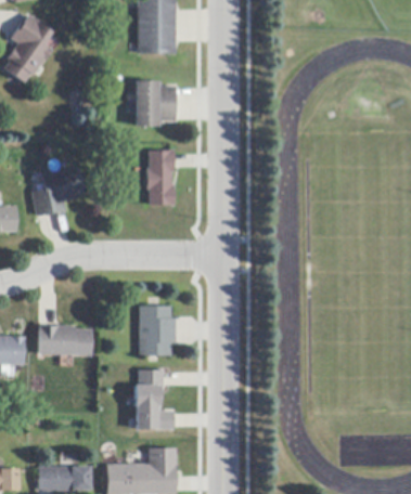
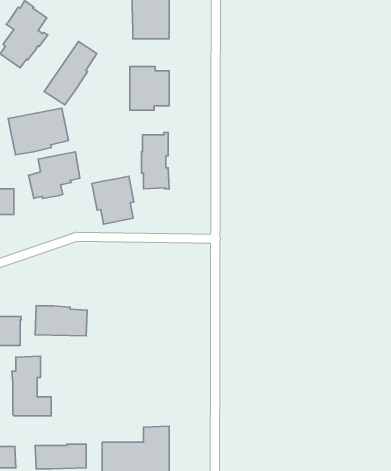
building: none -> [44,42,97,105]
building: none -> [8,108,69,155]
building: none -> [92,176,134,224]
building: [139,306,176,355] -> none
building: [133,369,174,430] -> [12,356,51,416]

